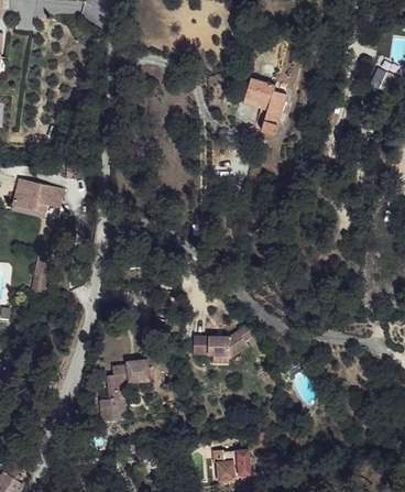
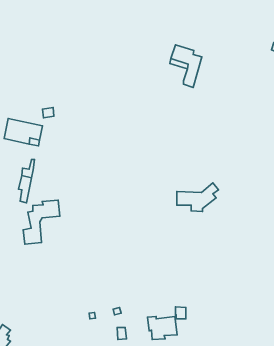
building: [194,322,251,362] -> [177,183,218,212]
building: [99,358,150,418] -> [23,200,60,244]

